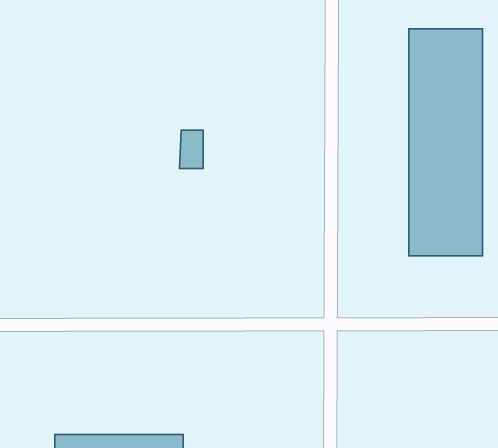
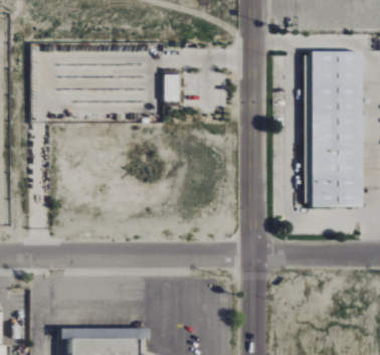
building: [180,130,203,169] -> [162,75,178,102]

